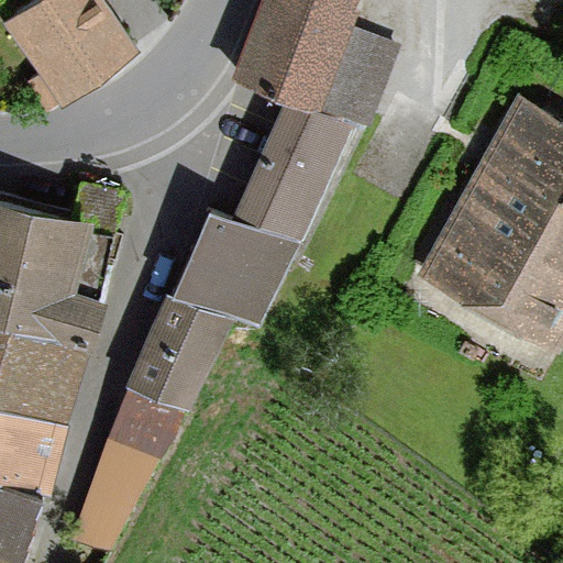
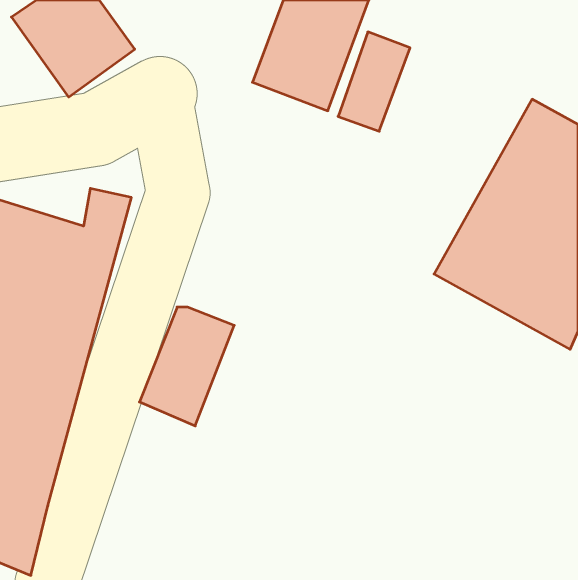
building: [242,111,343,240] -> none
building: [180,218,296,332] -> none
building: [76,390,188,553] -> none

